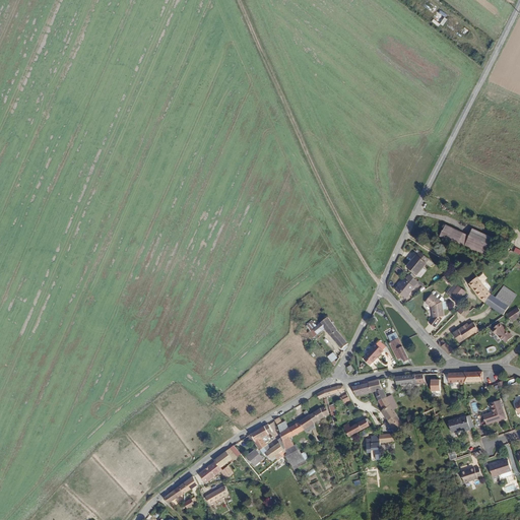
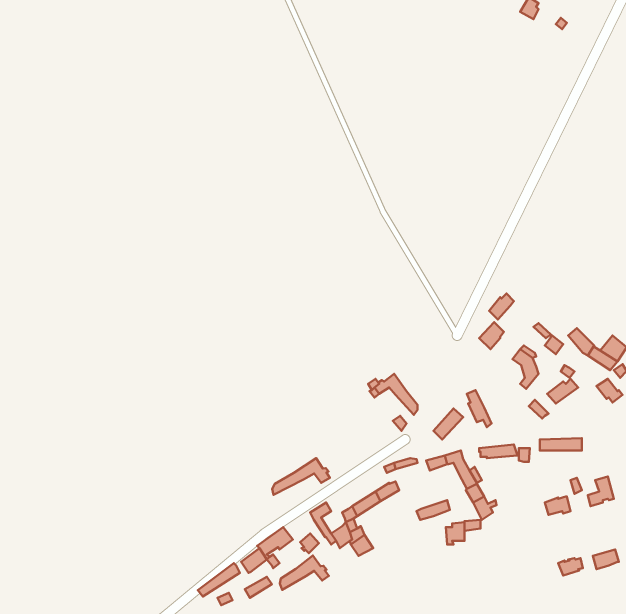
building: [441,223,496,255] -> none
building: none -> [272,458,330,495]
building: none -> [280,555,329,590]

